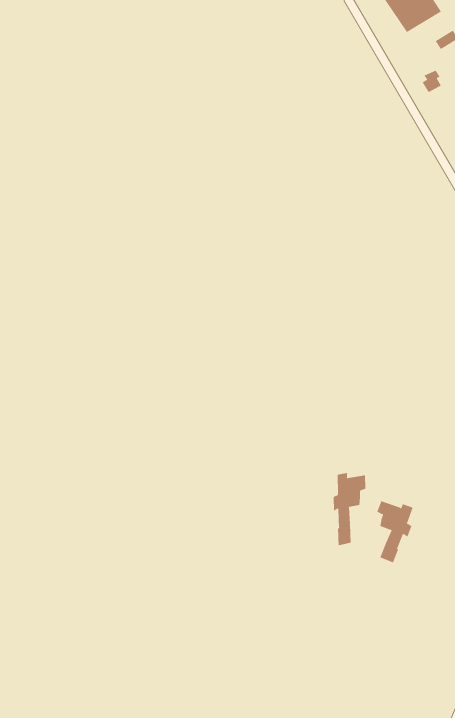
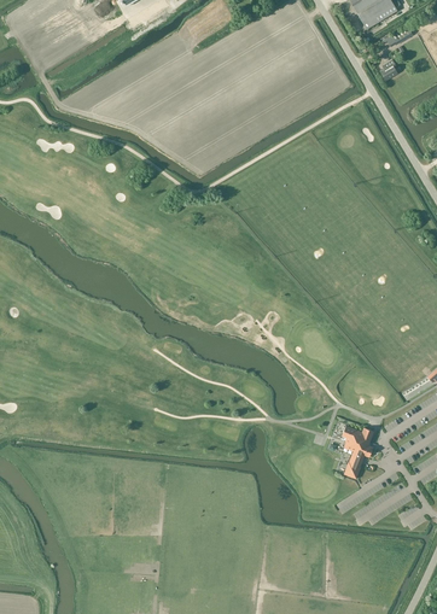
building: [333,472,366,546] -> none

